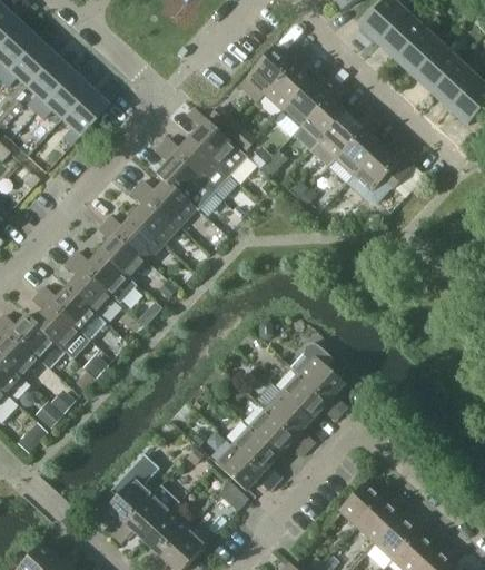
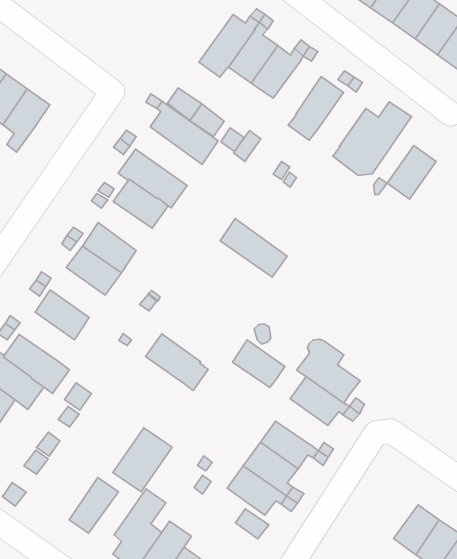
building: [294,96,346,150] -> none
building: [336,128,382,175] -> [387,145,436,199]
building: [175,136,231,191] -> [220,219,287,277]
building: [133,197,180,243] -> none
building: [83,249,137,303] -> [146,334,208,391]
building: [51,285,99,331] -> none
building: [266,391,311,435] -> [232,340,285,387]
building: none -> [113,428,172,492]
building: none -> [69,478,118,533]
building: [338,482,382,525] -> none

